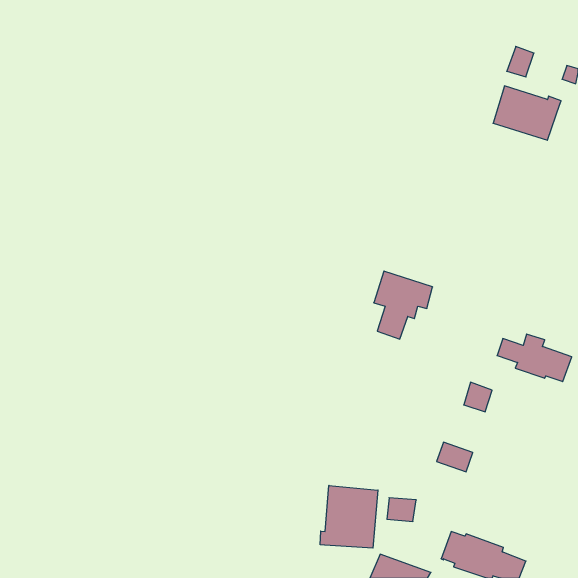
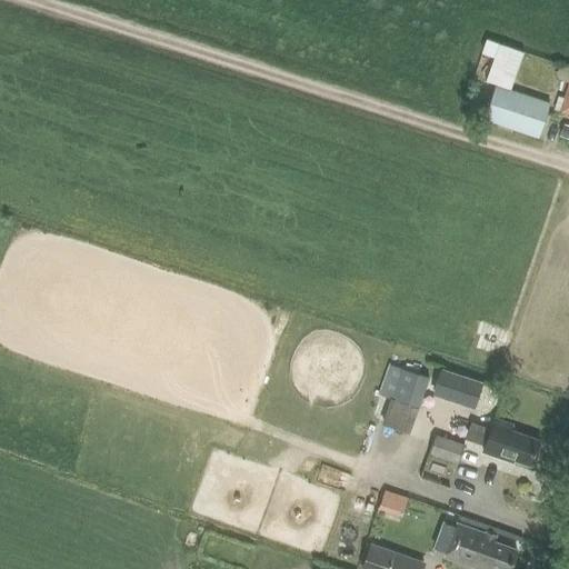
building: [374,271,433,339] -> [380,363,438,430]
building: [497,334,572,382] -> [466,419,539,466]
building: [320,485,378,548] -> none

